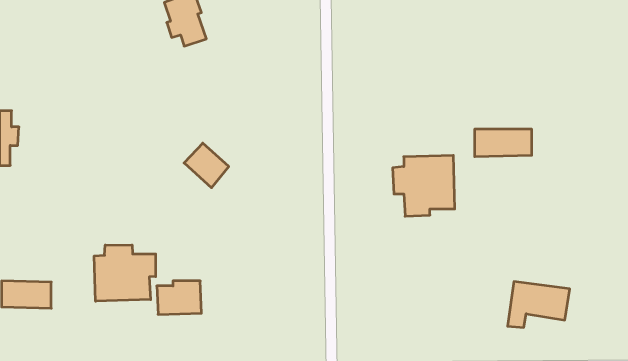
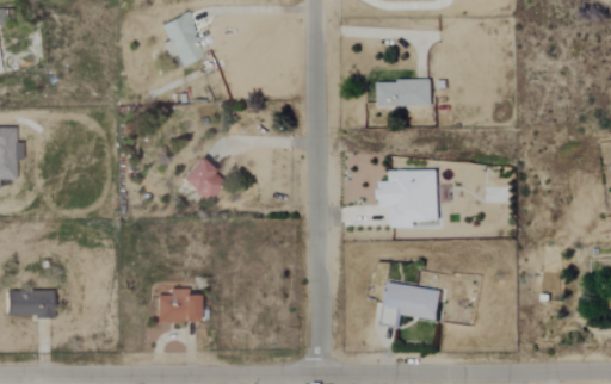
building: [475,129,532,157] -> [377,80,432,106]
building: [94,245,156,301] -> none
building: [508,282,570,327] -> [383,283,443,327]

